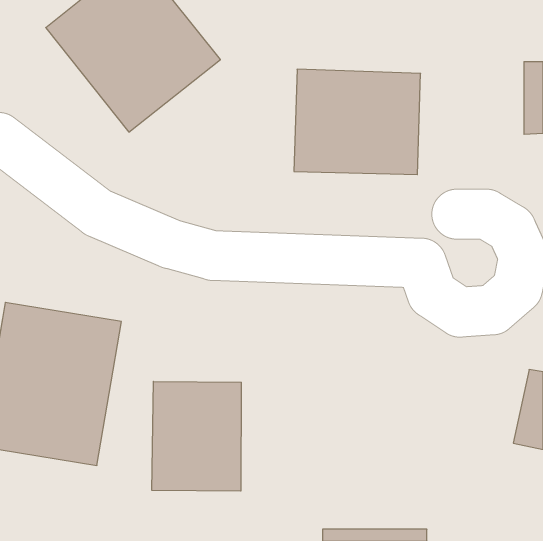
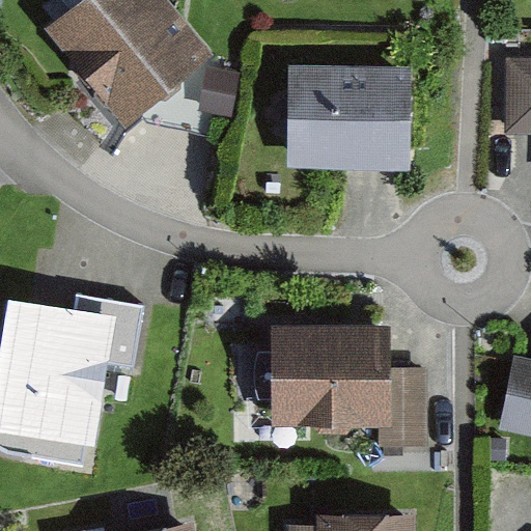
building: none -> [272,330,424,444]
building: [152,381,241,491] -> none

